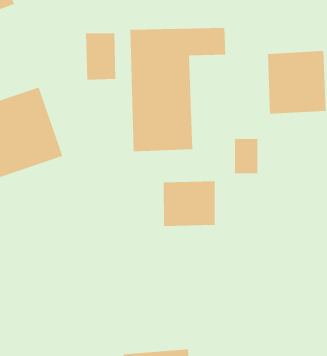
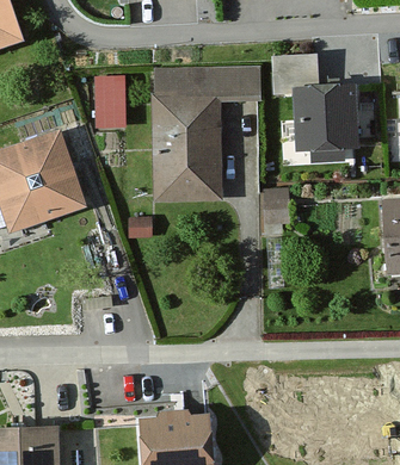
building: none -> [279,48,324,88]
building: [163,181,215,227] -> none

